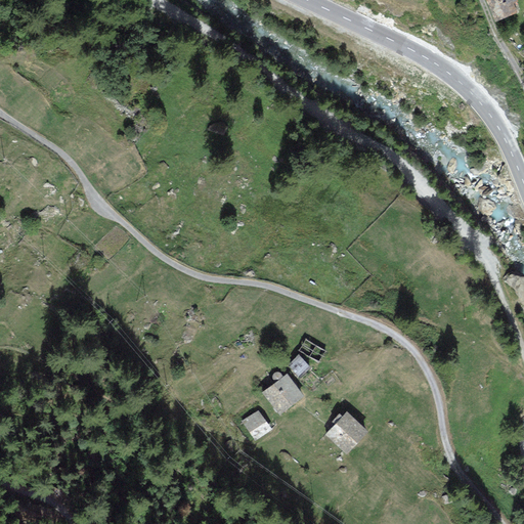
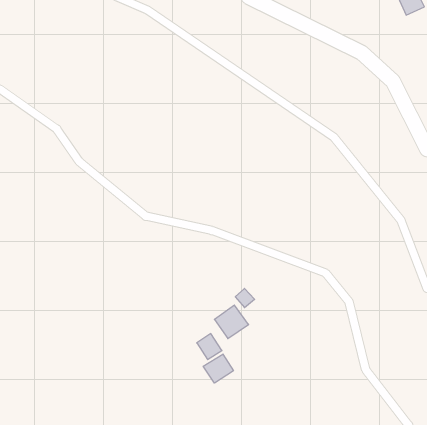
building: [324,410,368,454] -> none
building: none -> [203,354,233,383]

